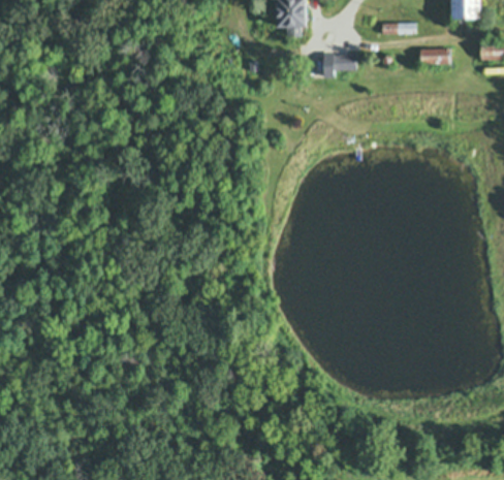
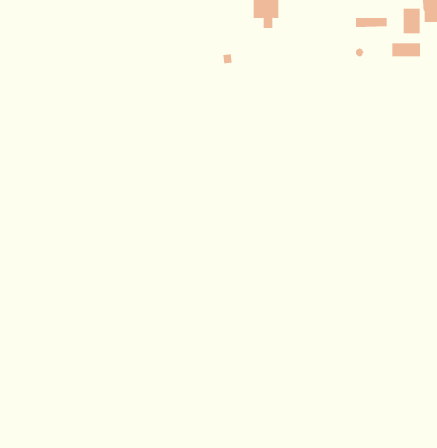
building: none -> [403,8,420,34]
building: [323,55,354,75] -> none

